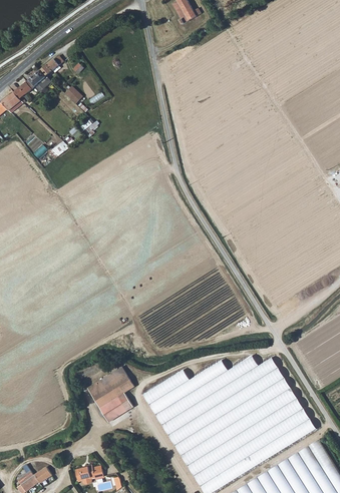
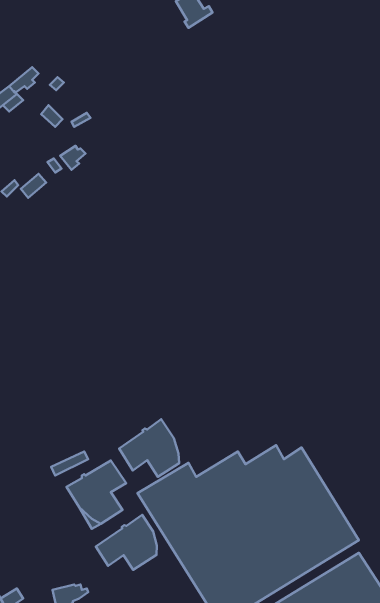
building: none -> [119,419,179,477]
building: none -> [96,515,157,570]

